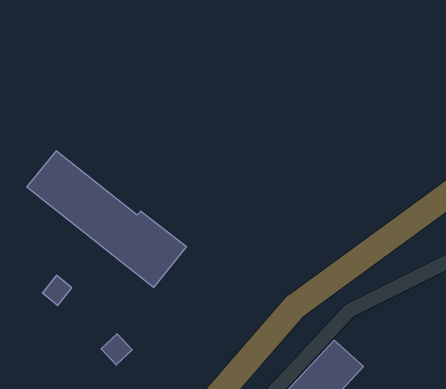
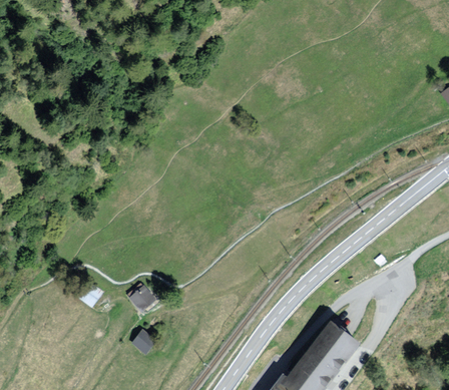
building: [27,151,186,287] -> none
building: none -> [128,287,157,315]

